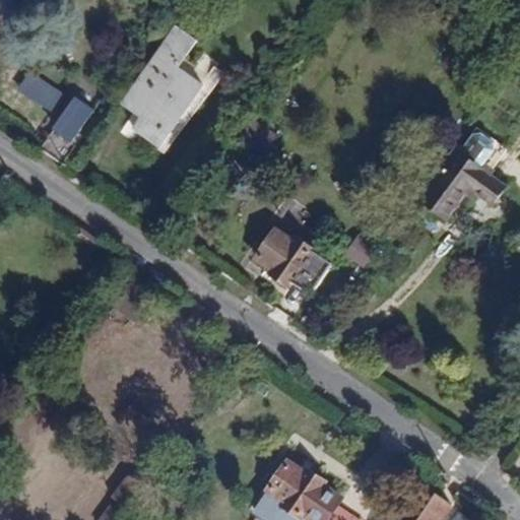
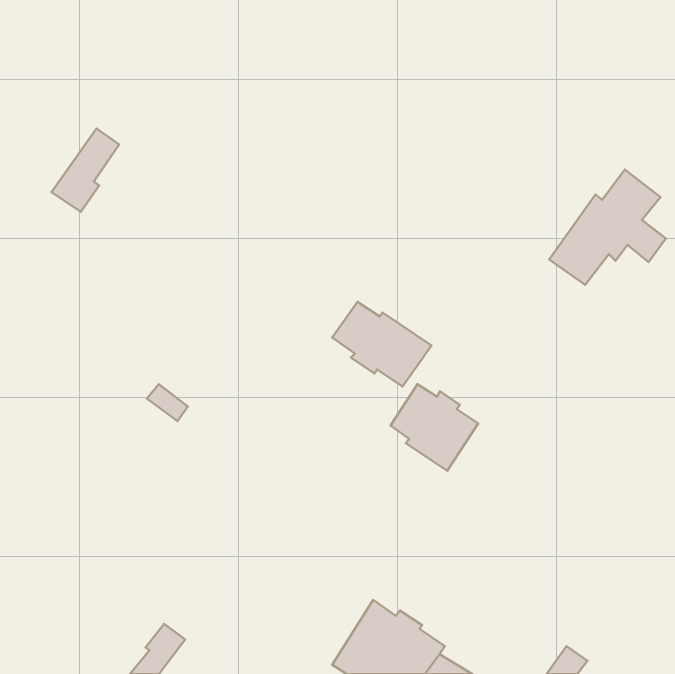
building: [121,28,200,148] -> none
building: [16,68,64,112] -> none
building: none -> [391,384,478,471]

